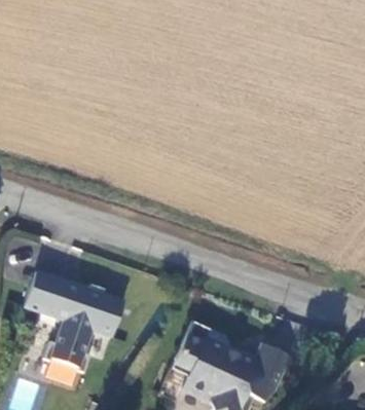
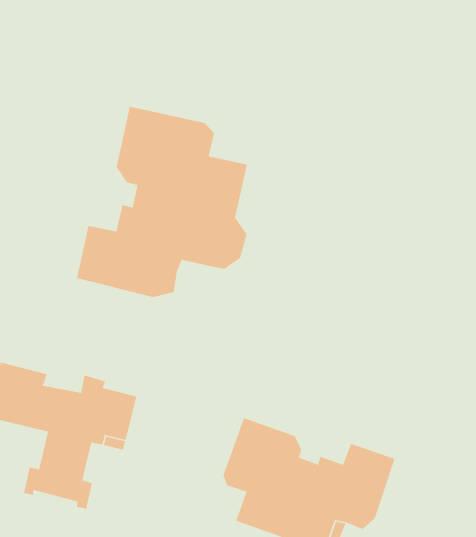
building: none -> [76,106,248,298]

